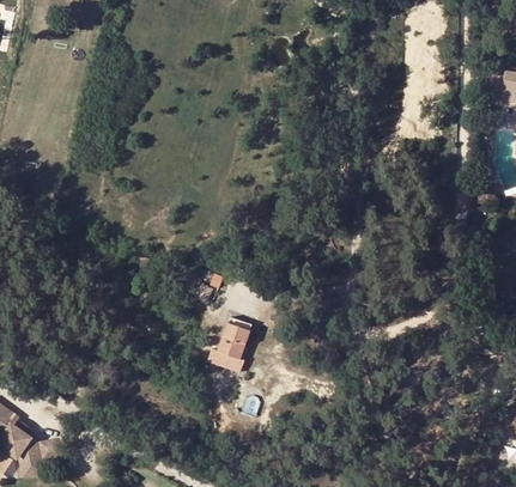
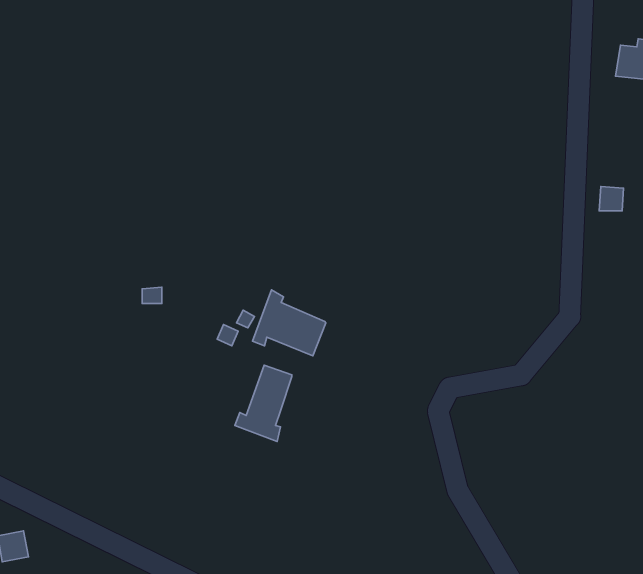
building: none -> [252,290,326,356]

